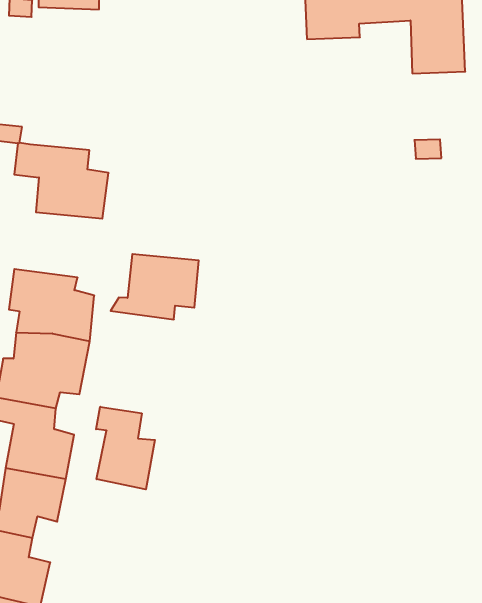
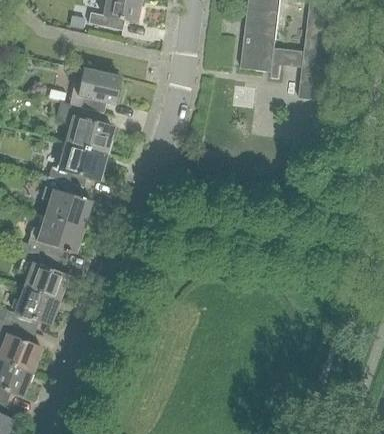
building: none -> [69,68,119,111]
building: [111,254,199,319] -> [48,142,104,184]
building: [96,407,155,489] -> none

